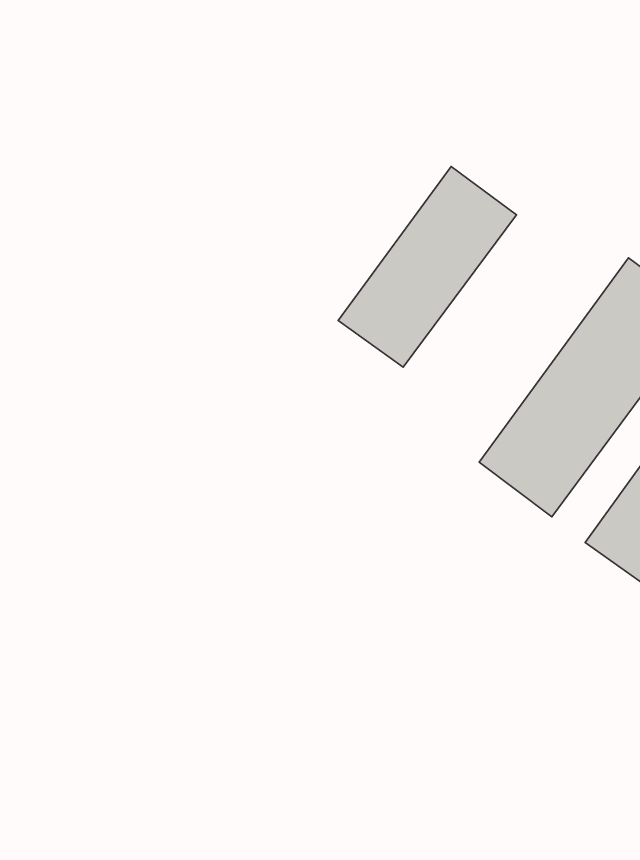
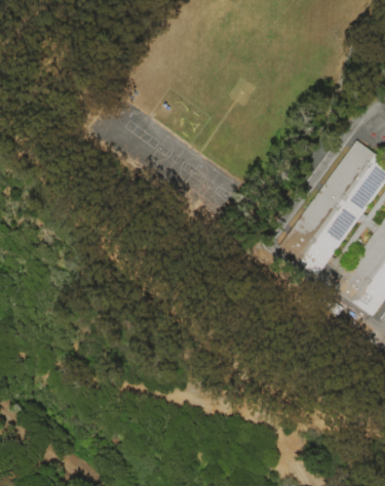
building: [338,166,517,367] -> none

